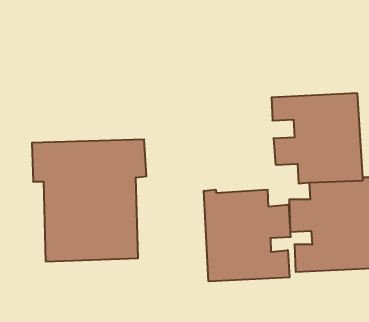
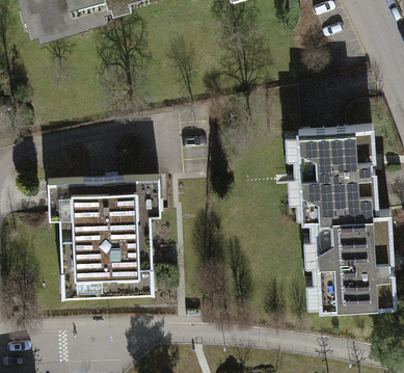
building: [204,190,291,281] -> none

